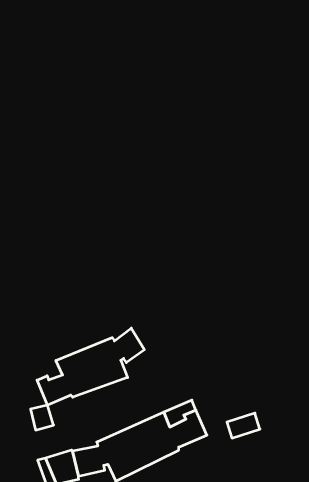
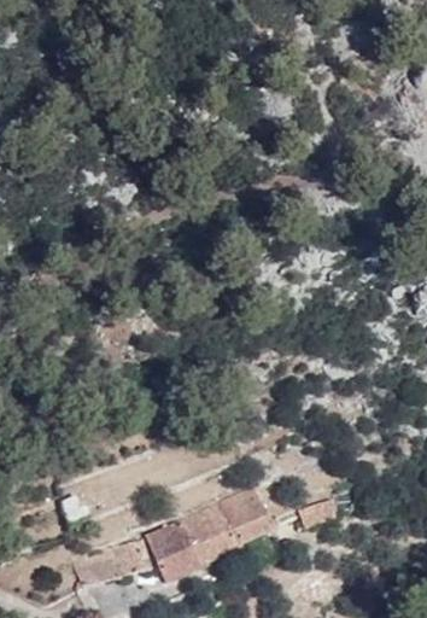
building: [37,328,144,405] -> none

